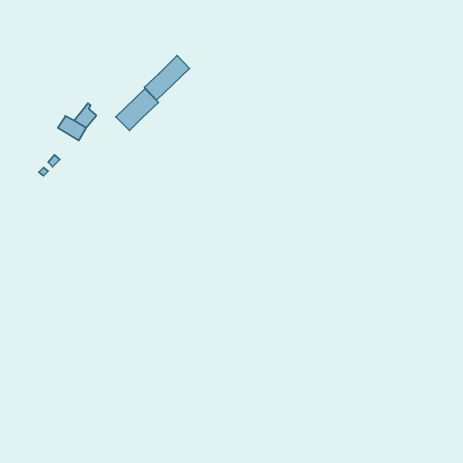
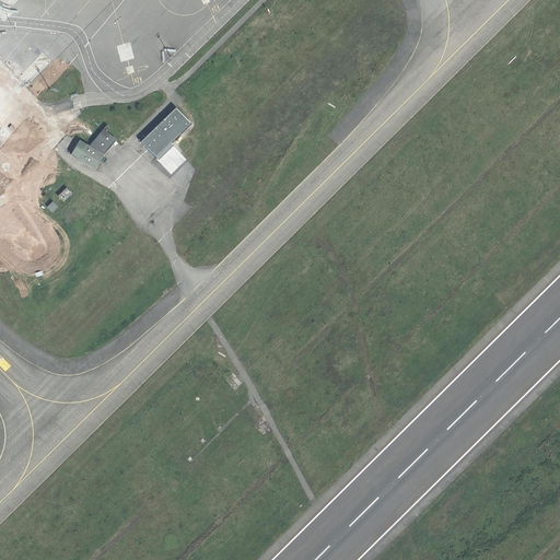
building: [144,55,189,100] -> none

